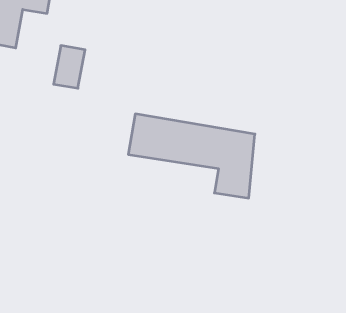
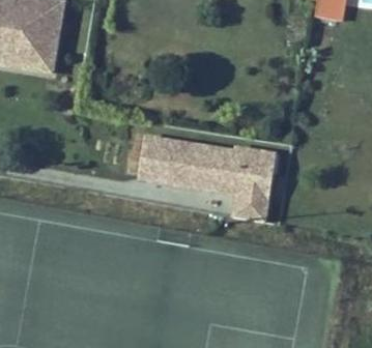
building: [54,46,85,88] -> [28,26,60,69]

